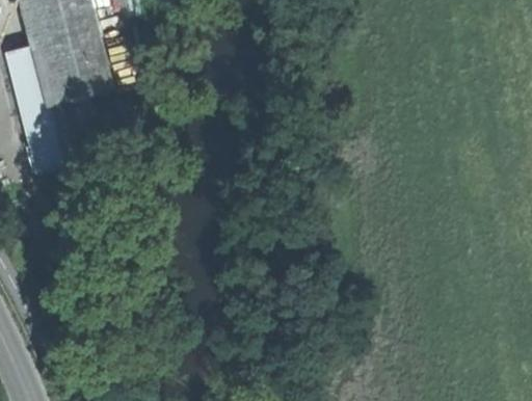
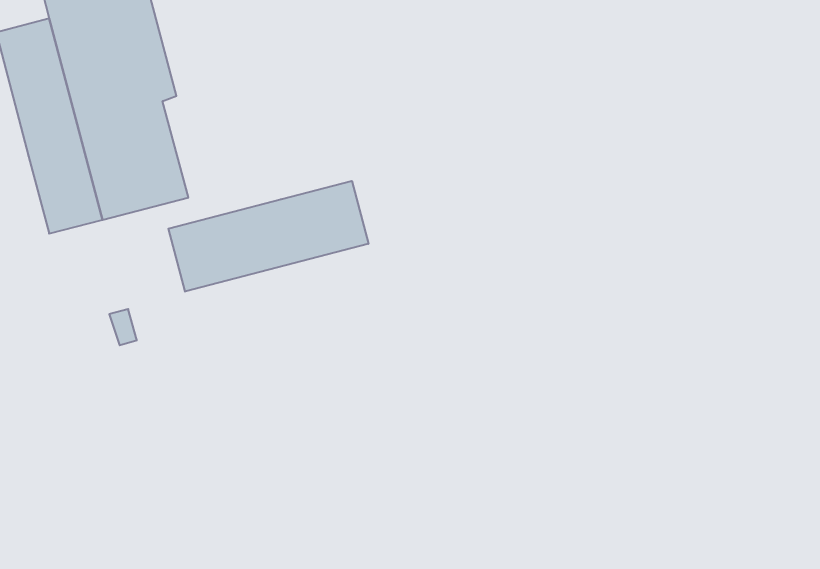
building: none -> [168,181,368,292]

